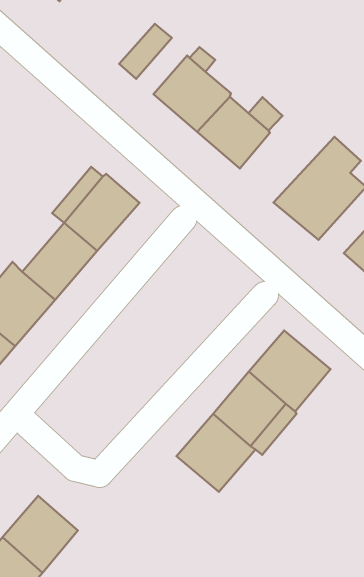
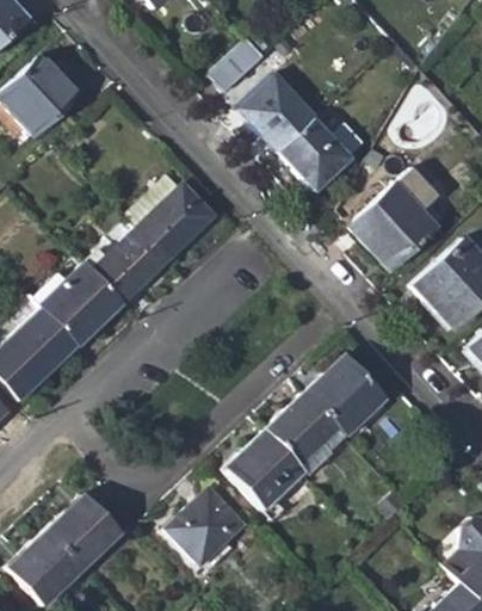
building: none -> [171,480,246,567]

